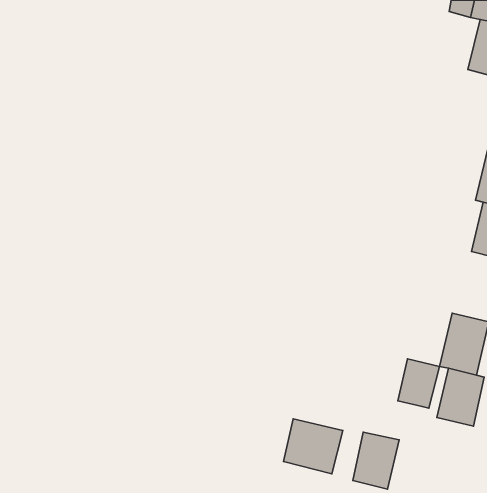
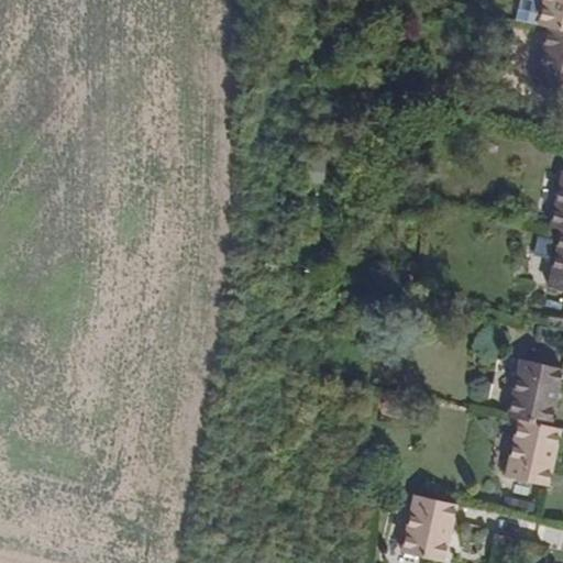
building: [398,359,440,408] -> none
building: [284,419,343,474] -> none

